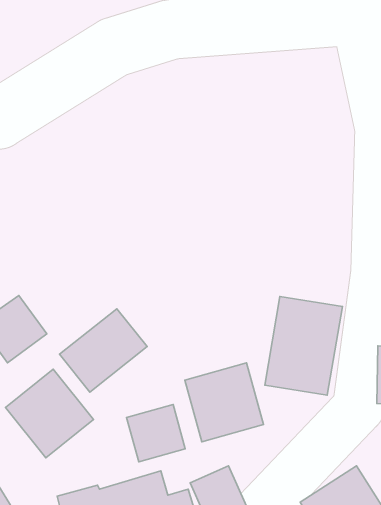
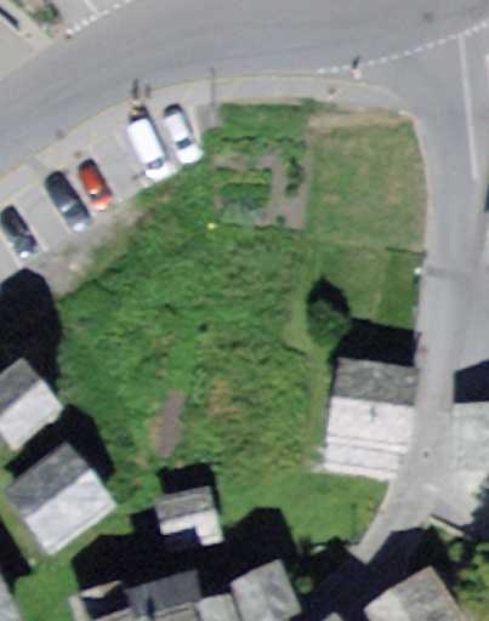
building: [59,309,147,392] -> none
building: [185,363,263,442] -> none

